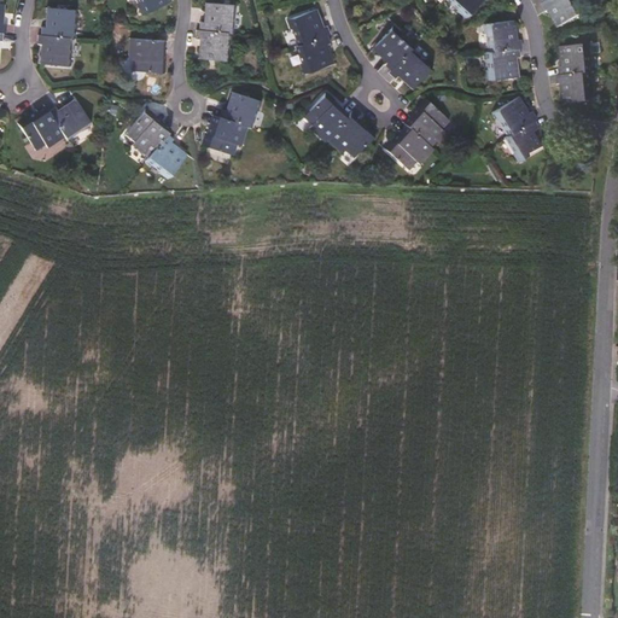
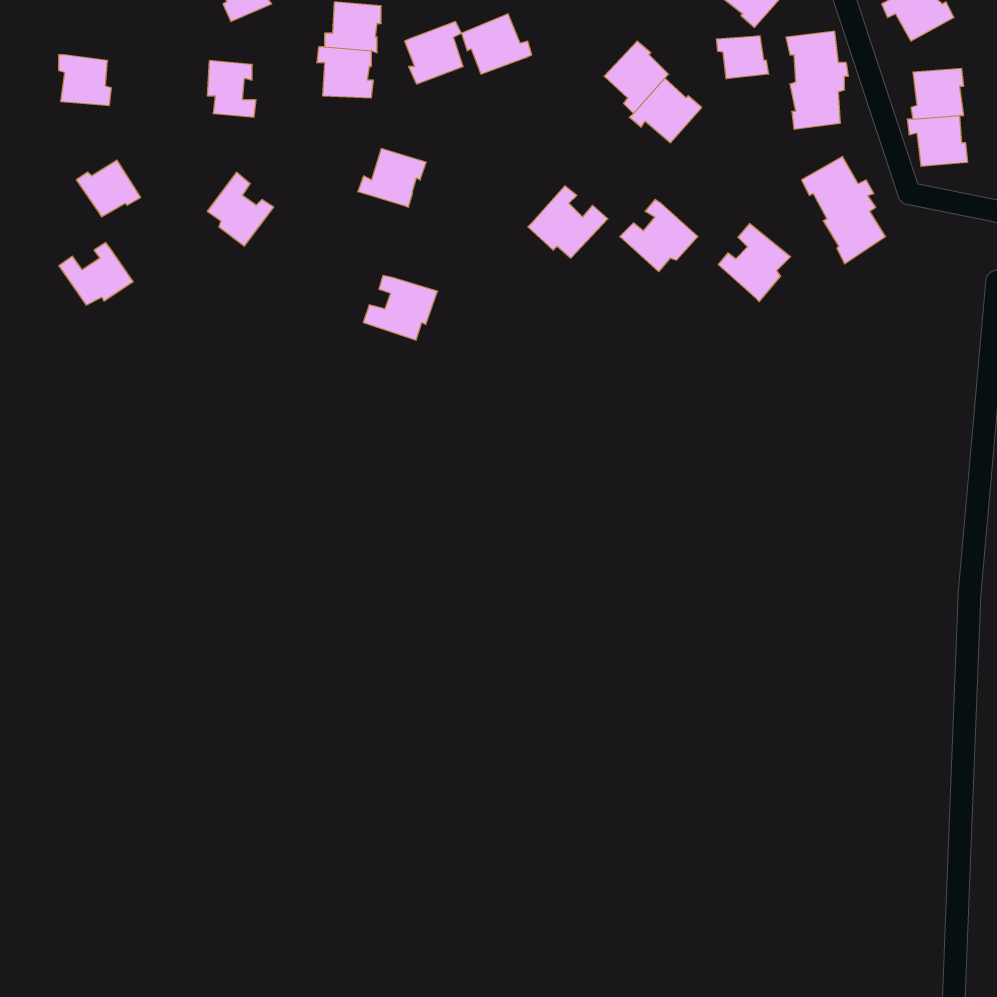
building: [40,7,75,37] -> none
building: none -> [717,36,769,79]
building: [295,35,331,74] -> [405,22,463,84]
building: [307,91,351,138] -> none
building: [408,100,453,148] -> [718,224,791,302]
building: [14,106,60,145] -> [59,243,133,305]
building: [203,117,249,157] -> [363,276,438,340]
building: [148,133,186,174] -> none

